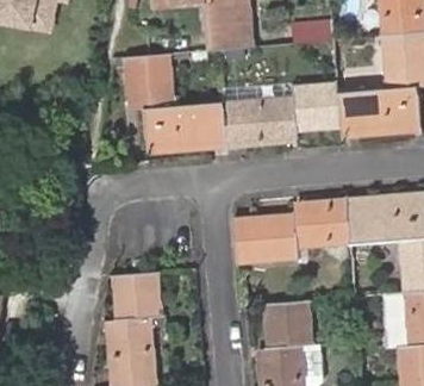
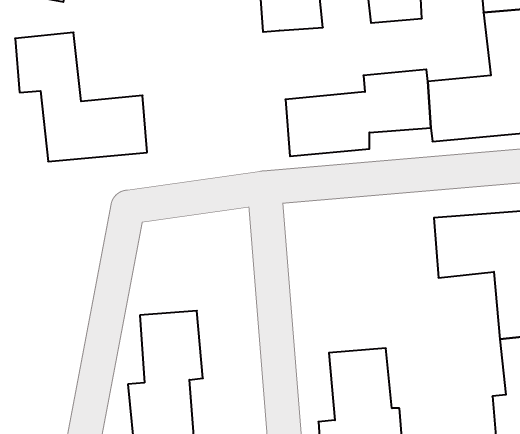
building: [126,54,231,156] -> [15,32,147,161]
building: [231,198,349,266] -> none

